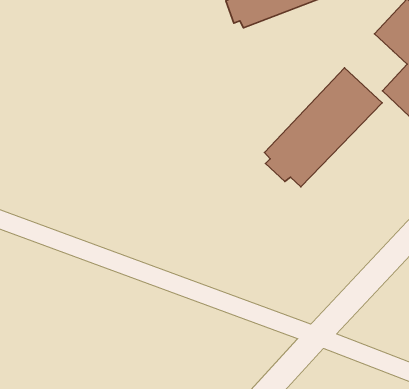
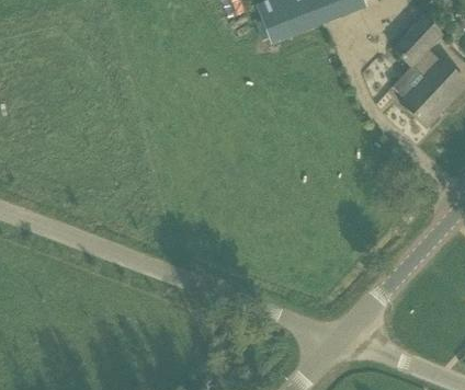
building: [264,68,382,187] -> none

